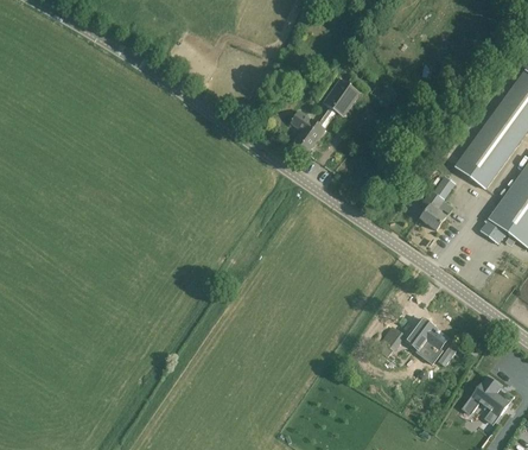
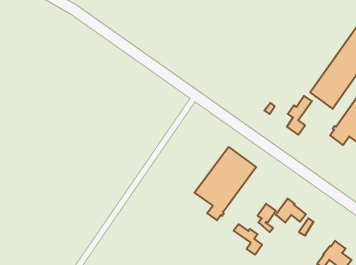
building: [290,77,360,153] -> none
building: none -> [194,147,256,220]
building: none -> [234,224,262,255]

